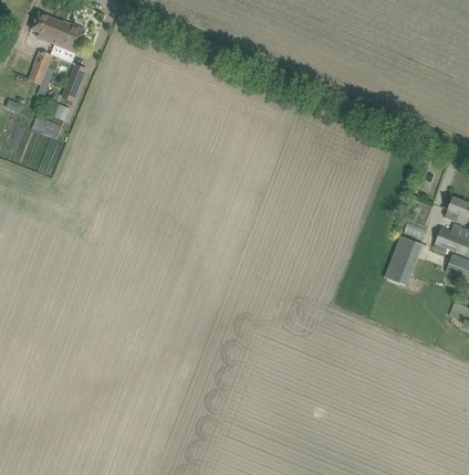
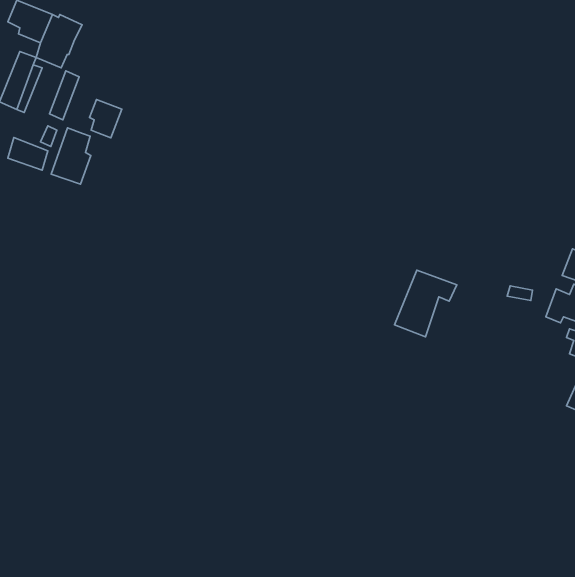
building: none -> [89,100,122,138]
building: none -> [51,128,91,184]
building: [384,235,430,285] -> [394,270,457,337]

